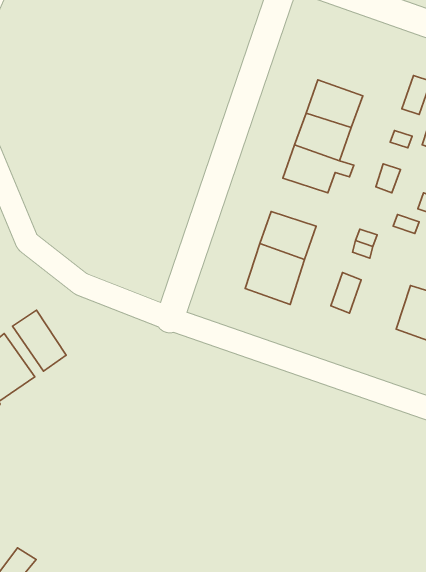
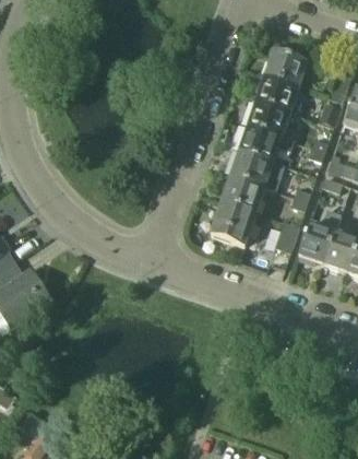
building: none -> [265,50,308,87]
building: none -> [230,150,284,190]
building: none -> [298,215,339,263]
building: [13,310,66,371] -> none

